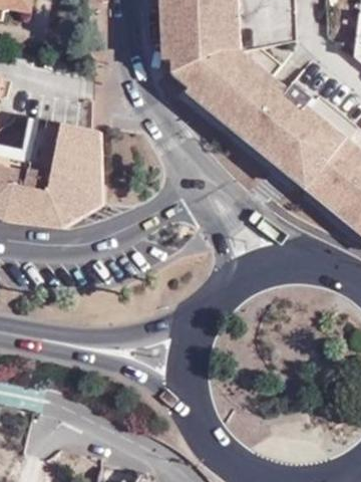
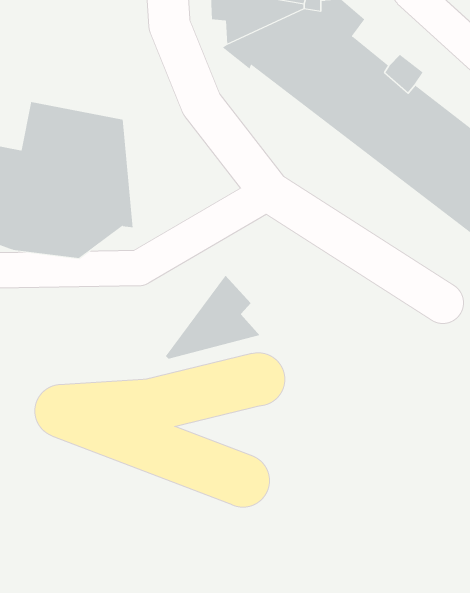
building: none -> [165,275,260,360]

